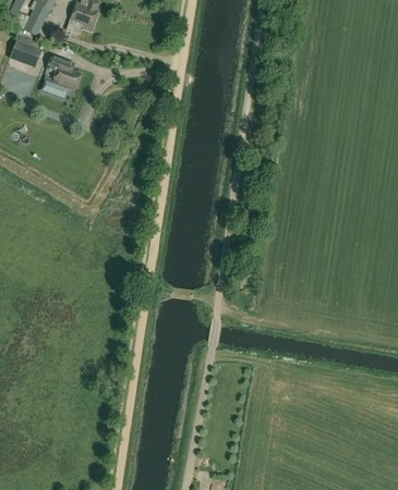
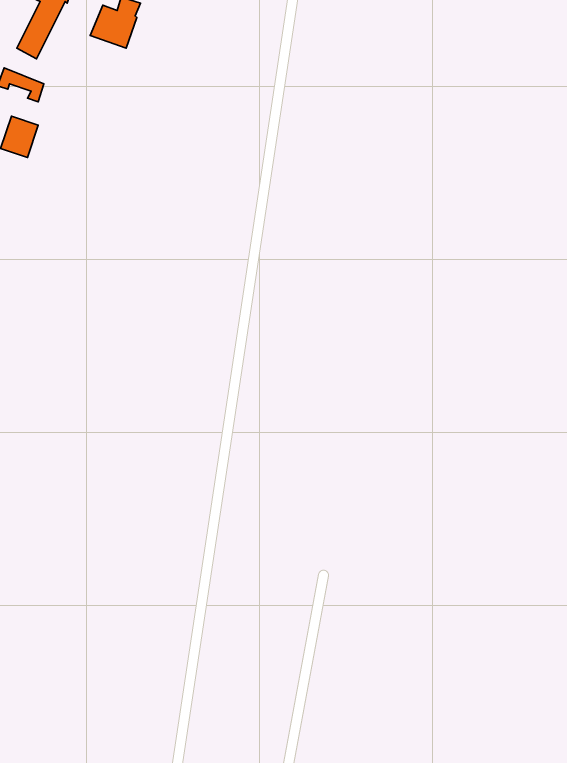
building: [46,57,79,90] -> none

